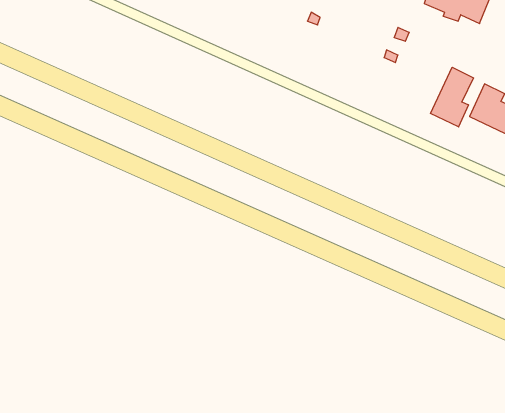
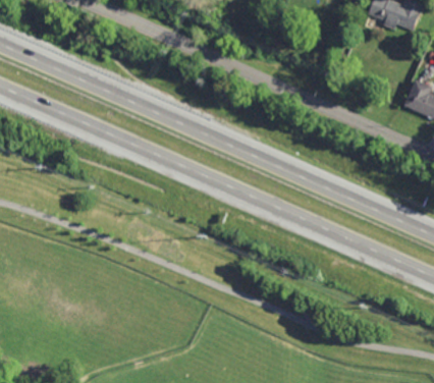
building: [431,67,474,127] -> none

